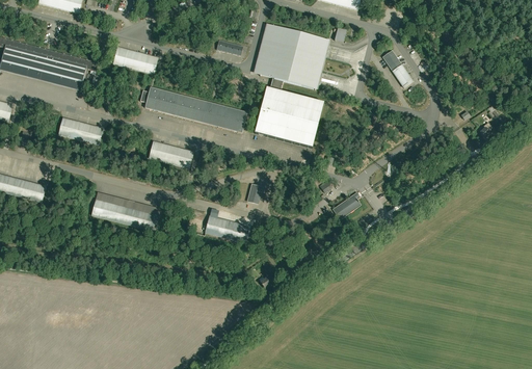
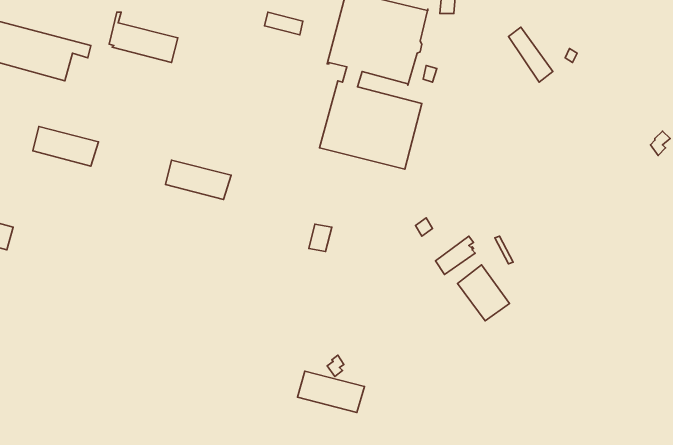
building: [139,86,246,132] -> none
building: [91,199,156,230] -> none
building: none -> [457,265,510,321]
building: [204,215,249,243] -> [297,371,364,413]

